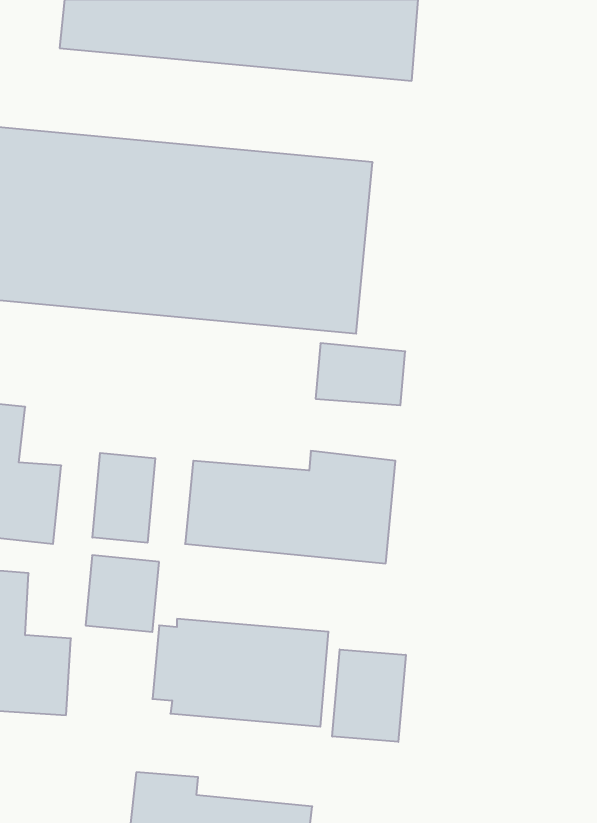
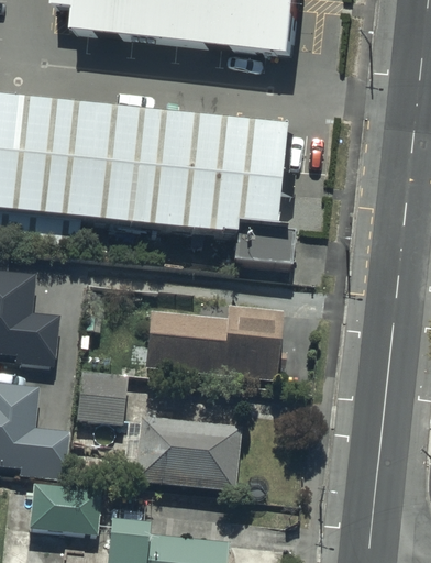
building: [92,453,155,543] -> none
building: [332,649,406,742] -> none
building: none -> [31,486,101,532]

